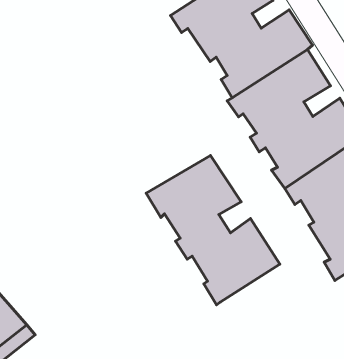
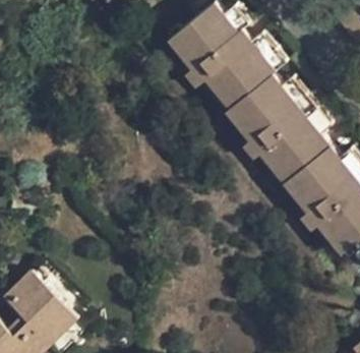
building: [146,155,280,305] -> none

